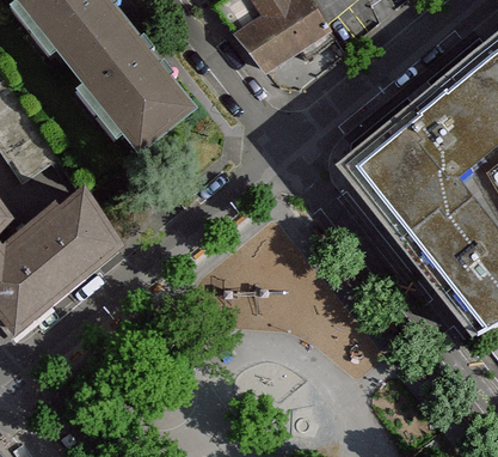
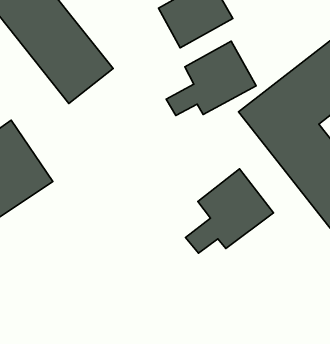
building: none -> [166,41,256,116]
building: none -> [186,169,273,253]

